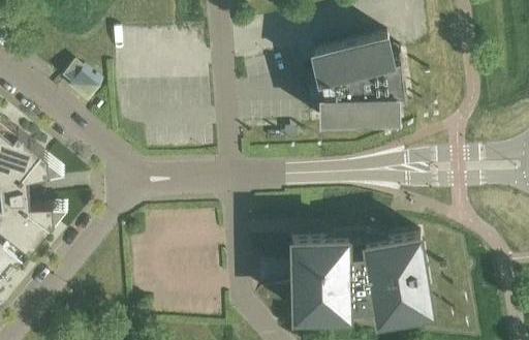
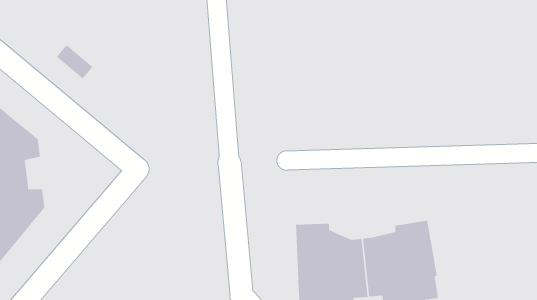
building: [304,34,405,121] -> none

